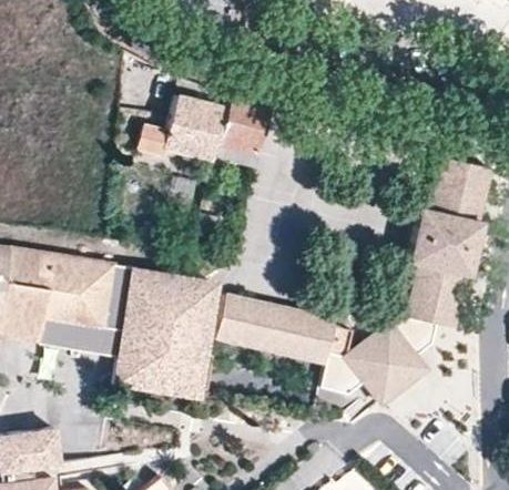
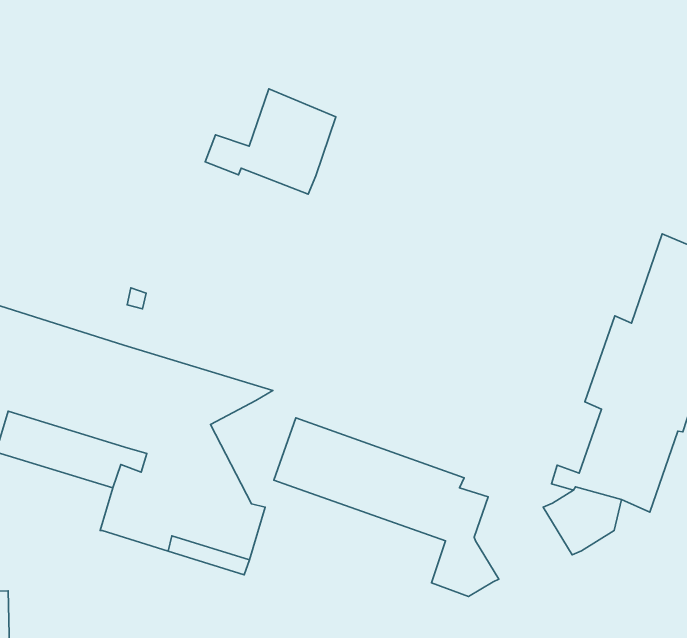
building: [216,92,269,155] -> none
building: [170,282,214,355] -> none
building: [346,327,424,407] -> none

